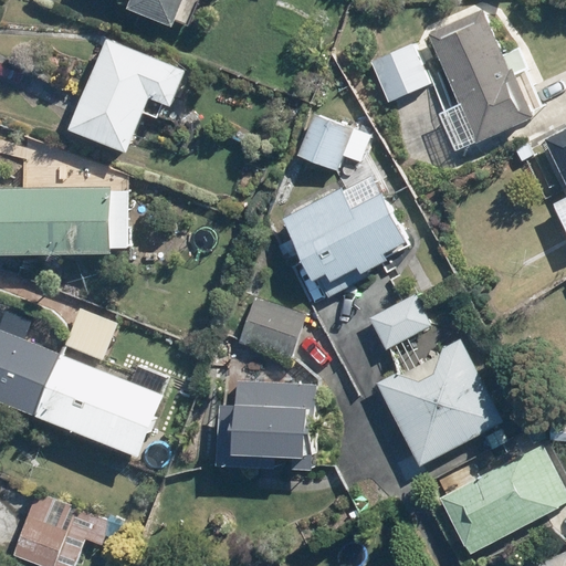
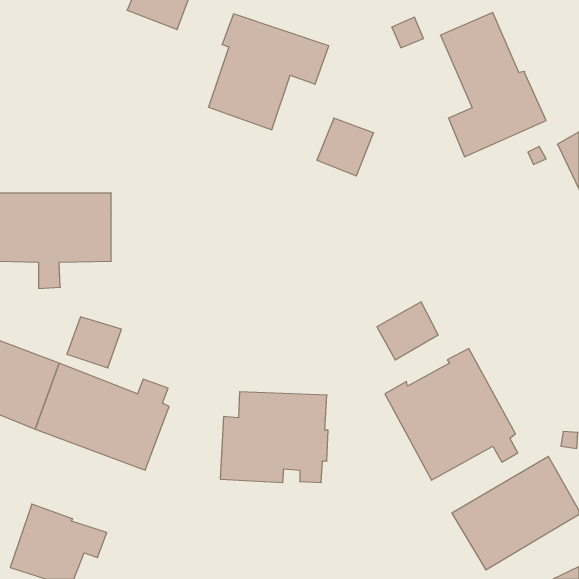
building: [90,38,207,150] -> [208,14,329,130]
building: [369,42,430,102] -> none
building: [280,178,405,300] -> none
building: [240,296,308,358] -> none

